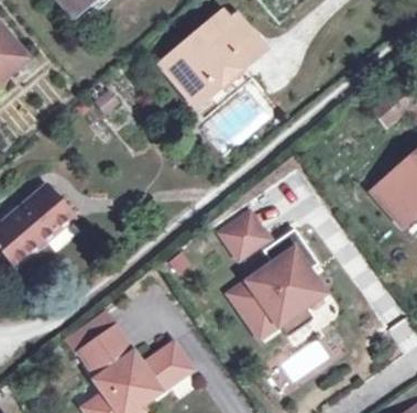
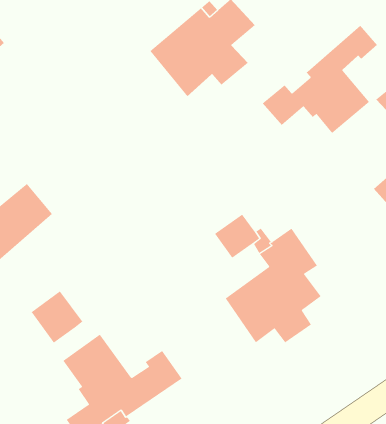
building: none -> [262,25,378,134]
building: none -> [31,290,83,343]

